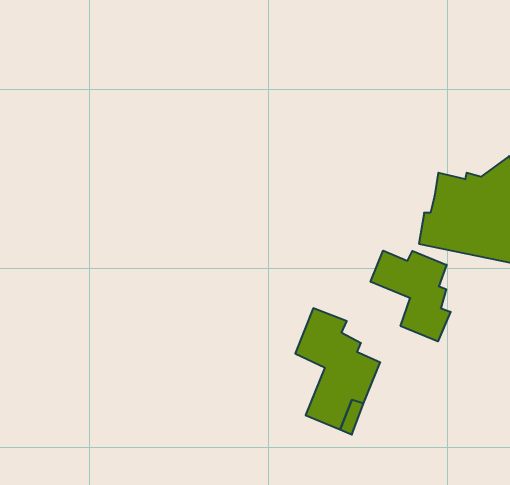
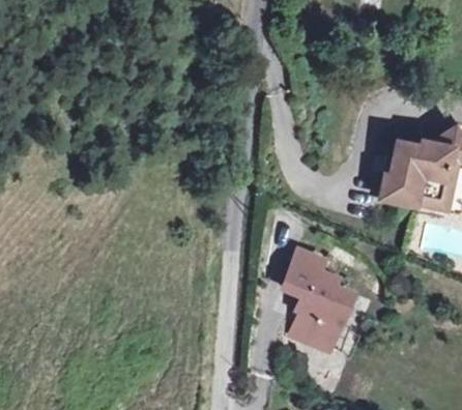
building: [371,251,451,341] -> none

